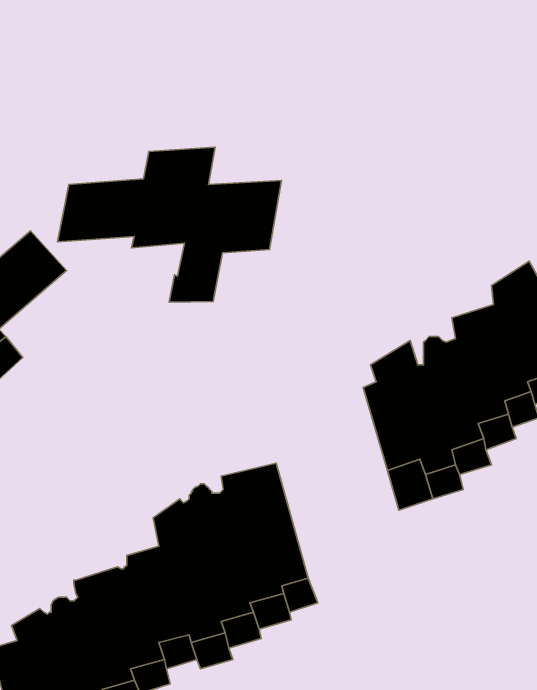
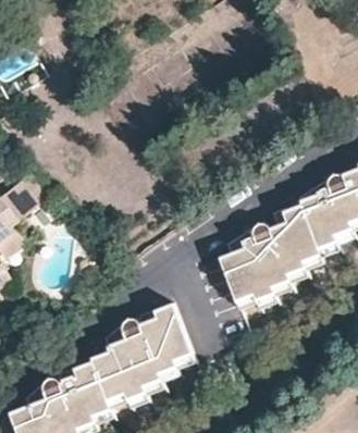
building: [57,147,281,302] -> none

